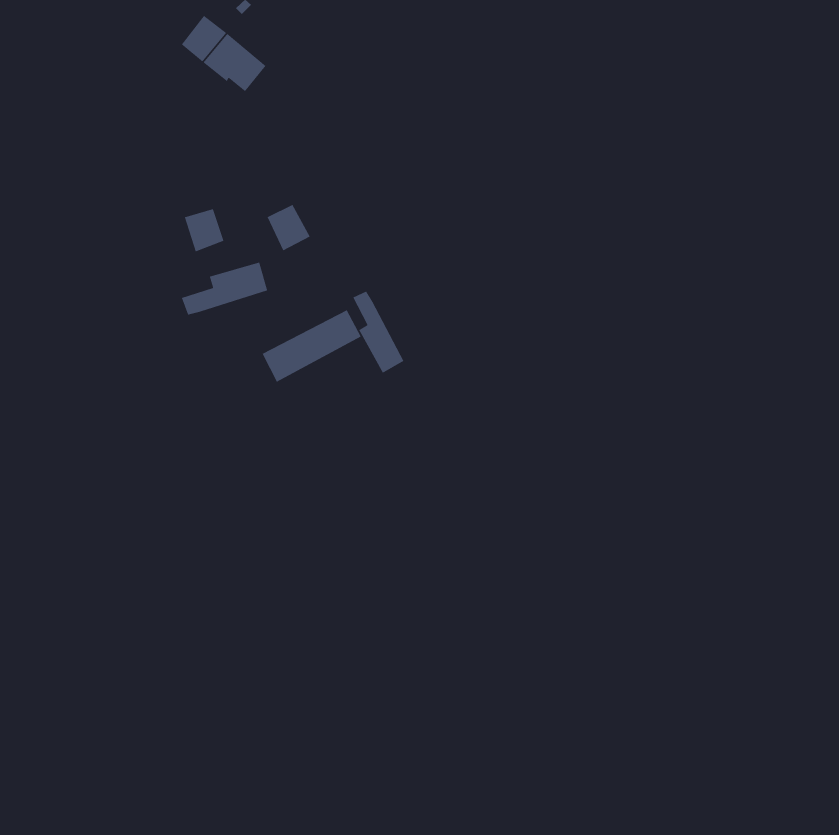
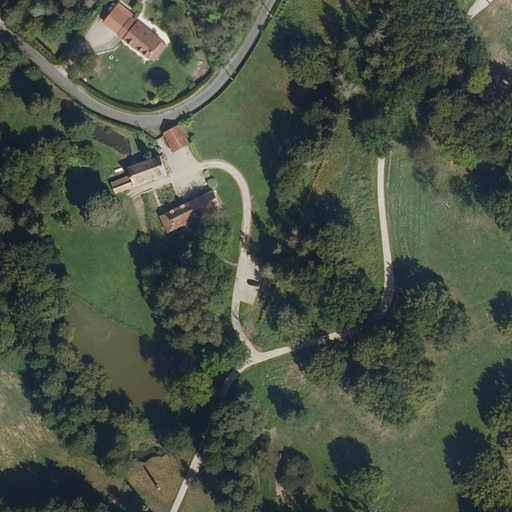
building: [184,208,225,253] -> none
building: [352,291,405,374] -> none

